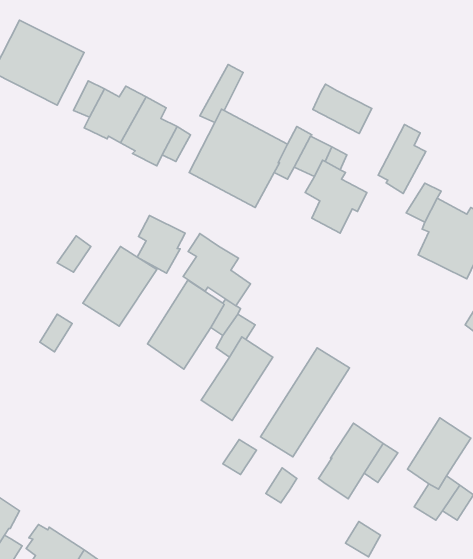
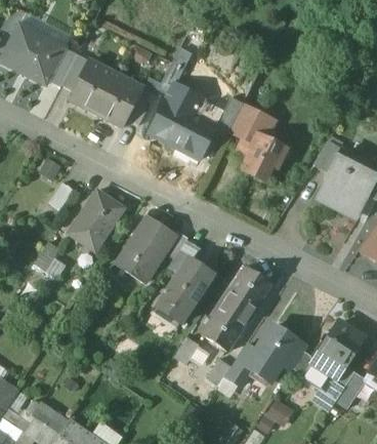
building: [313,84,372,134] -> none
building: [378,125,426,193] -> none
building: [137,216,185,273] -> none
building: [183,234,251,306] -> none
building: none -> [225,342,257,384]

